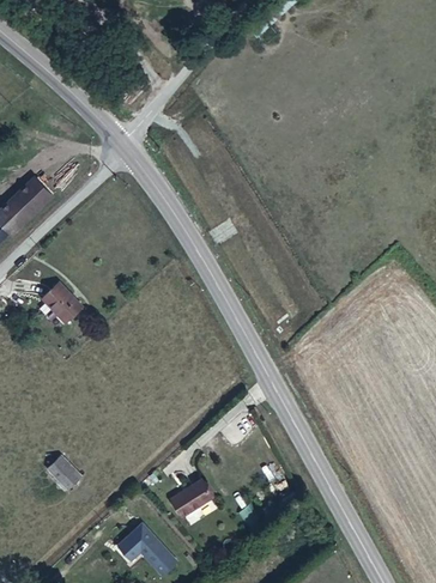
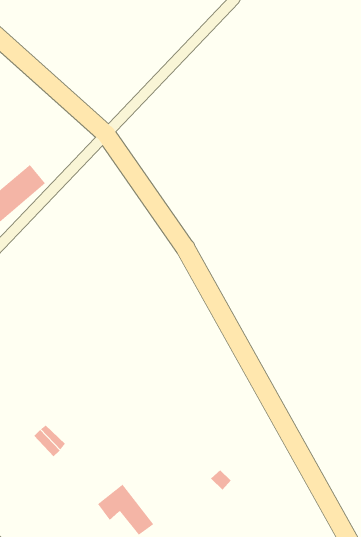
building: [40,289,81,332] -> none
building: [171,479,214,516] -> none

